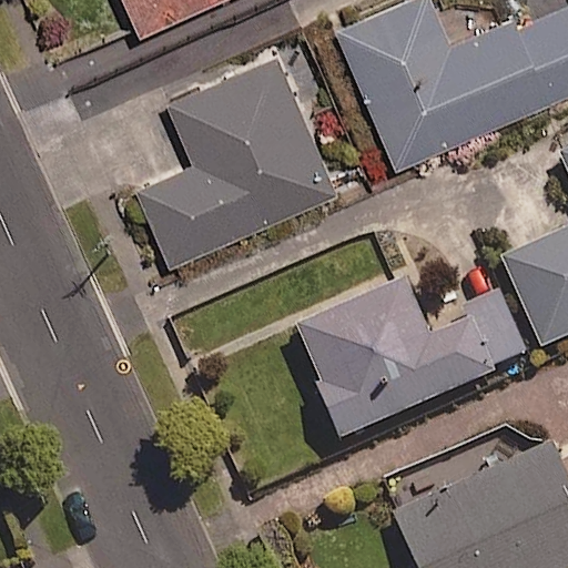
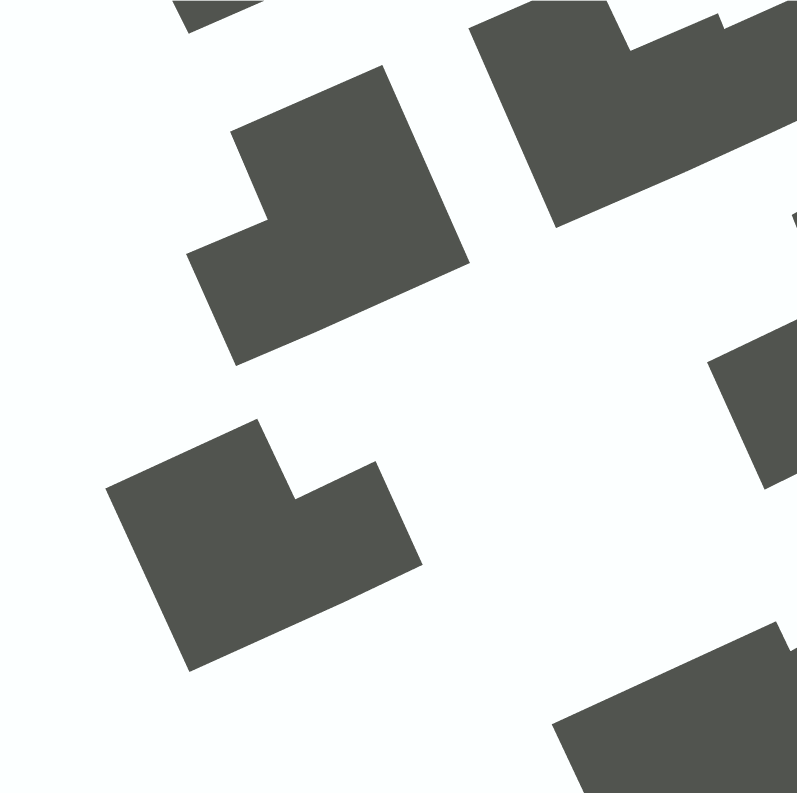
building: [297,282,497,443] -> none
building: none -> [105,418,424,673]

